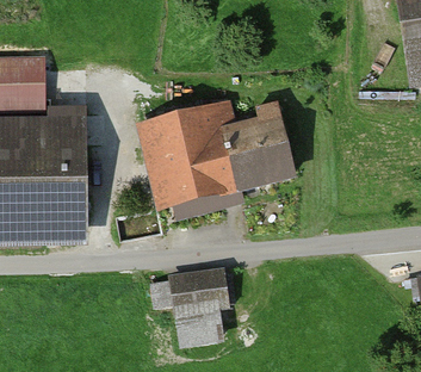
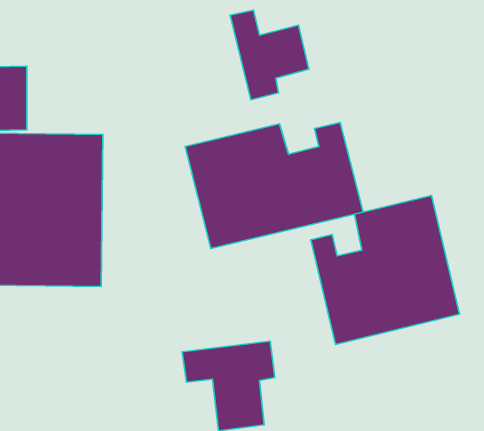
building: none -> [230,10,309,100]
building: none -> [311,195,459,345]

